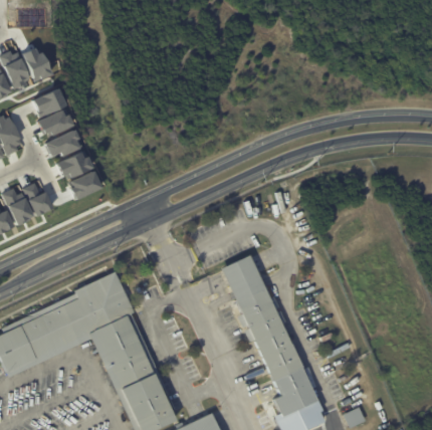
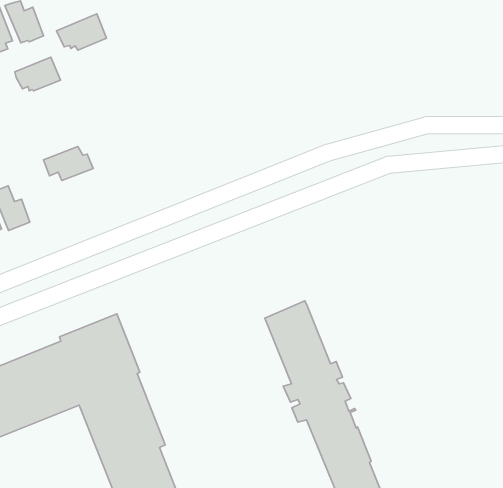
building: [35,108,71,135] -> [57,14,107,50]
building: [44,130,81,156] -> none
building: [69,170,99,199] -> none

